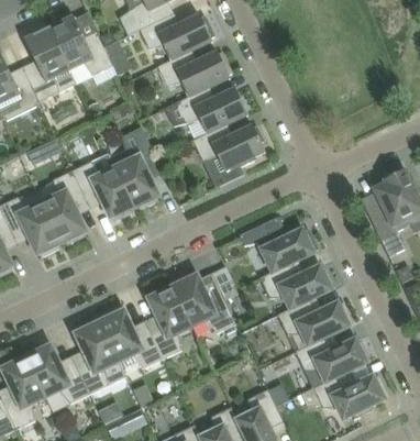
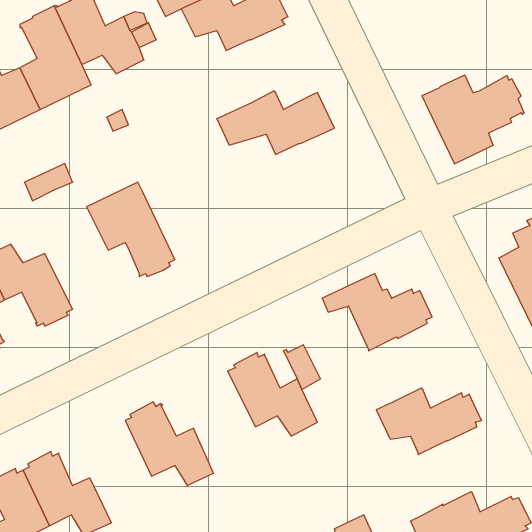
building: [156,51,232,96] -> none
building: [192,124,265,187] -> [422,76,524,164]
building: [111,128,159,207] -> none
building: [42,169,87,242] -> none
building: [259,262,334,308] -> none
building: [147,285,191,359] -> none
building: [74,320,125,394] -> none
building: [295,335,371,387] -> none

